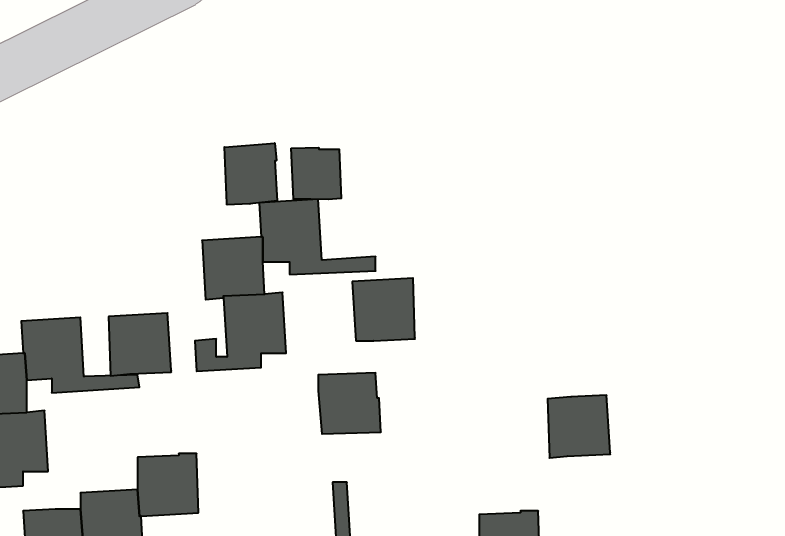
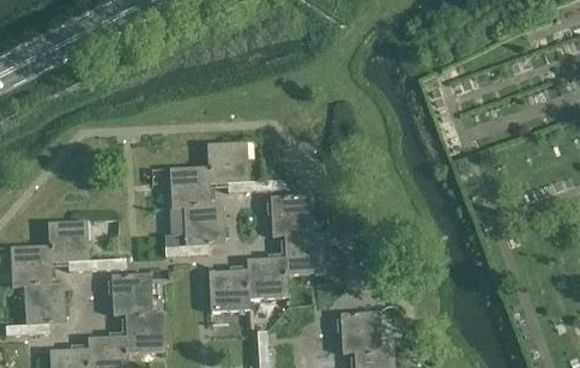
building: [224,143,277,205] -> none
building: [291,148,341,199] -> none
building: [109,313,171,376] -> [111,272,153,314]
building: none -> [284,231,326,273]
building: none -> [209,269,250,310]
building: [548,395,610,458] -> [340,310,382,352]

